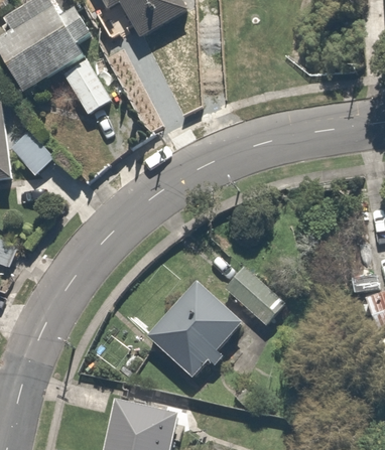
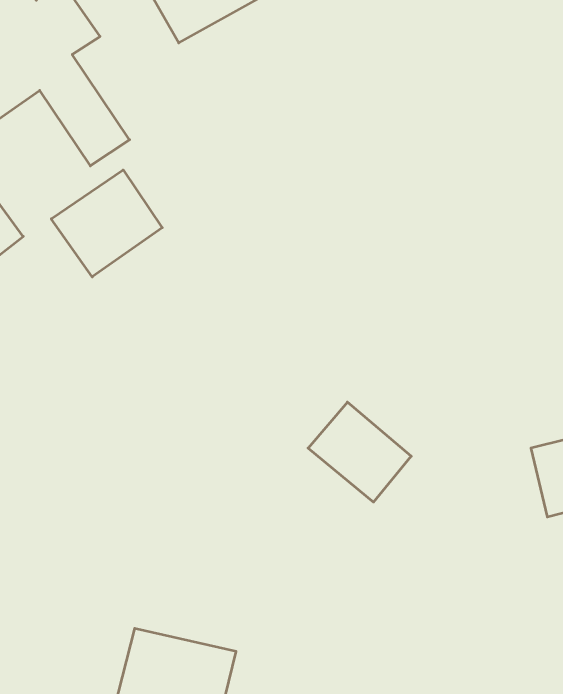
building: none -> [51,170,162,277]
building: [149,282,240,374] -> none

